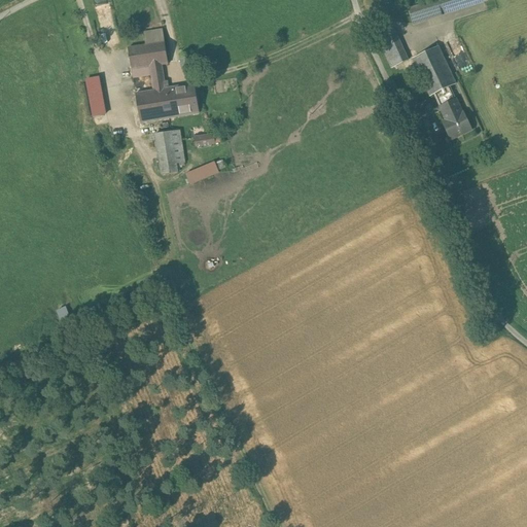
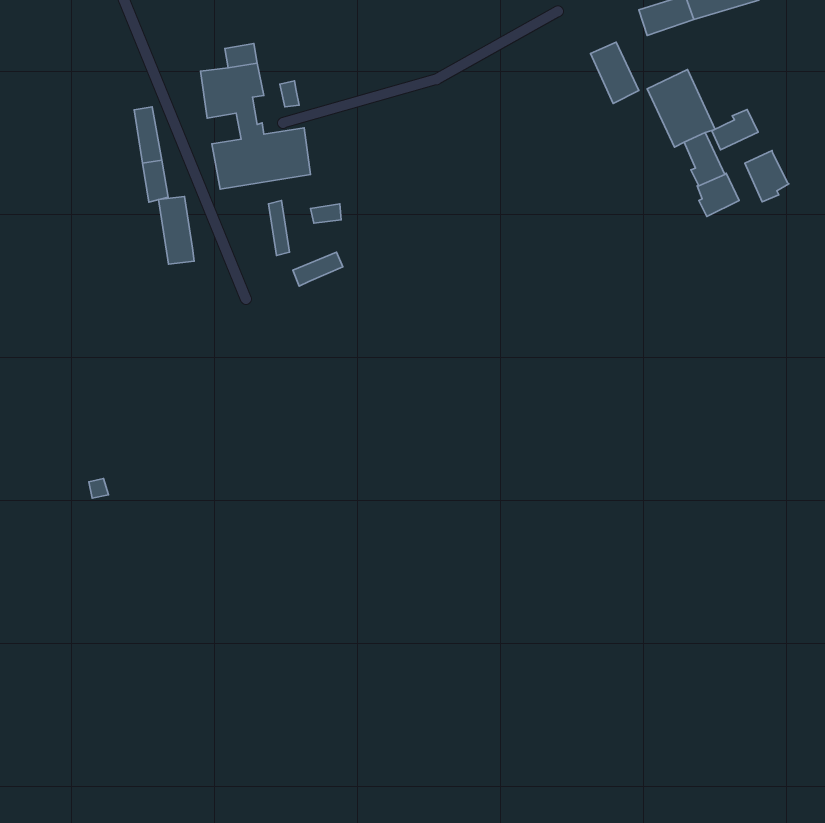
building: none -> [712,110,758,150]
building: none -> [745,150,789,202]
building: [154,130,177,173] -> [159,196,194,264]

